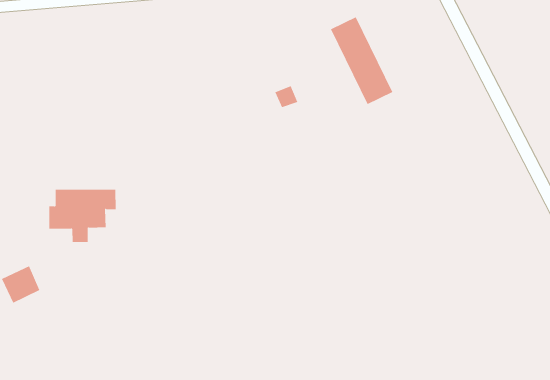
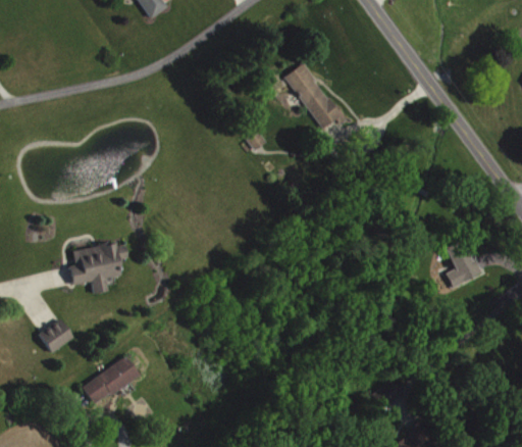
building: none -> [446,245,482,287]
building: none -> [80,356,139,409]

